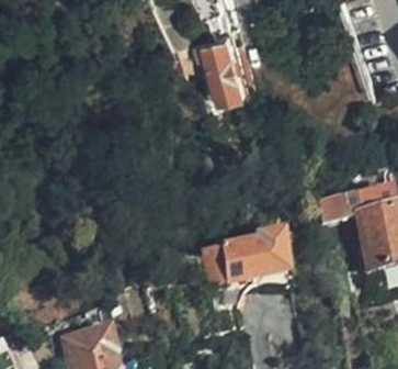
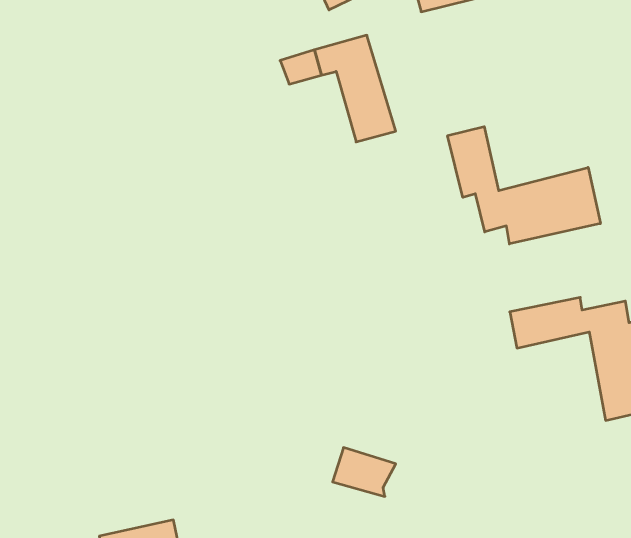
building: none -> [448,127,600,244]
building: [207,233,286,282] -> none

